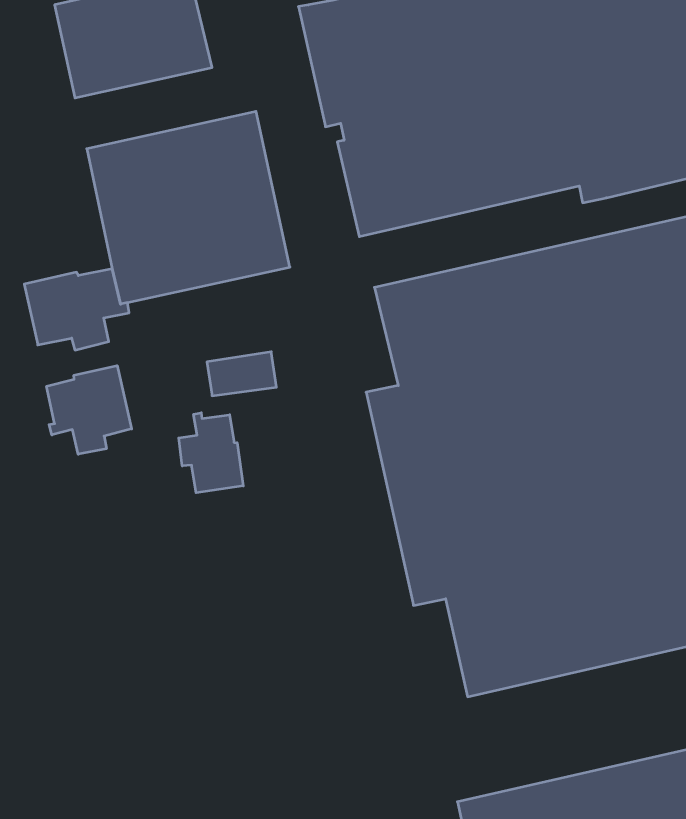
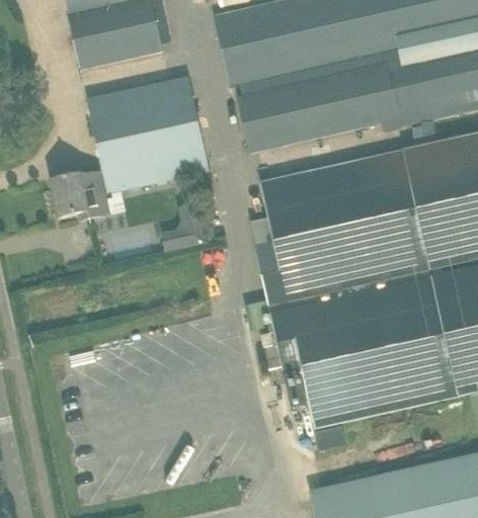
building: [47,366,132,454] -> none
building: [179,413,243,493] -> none

